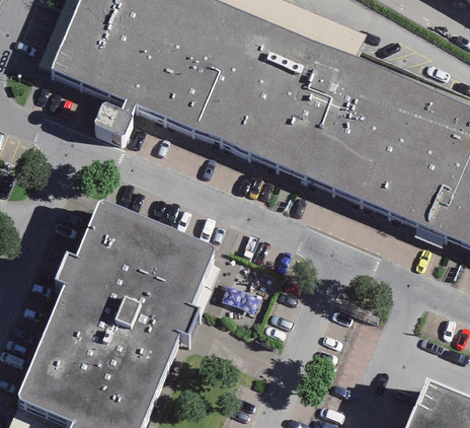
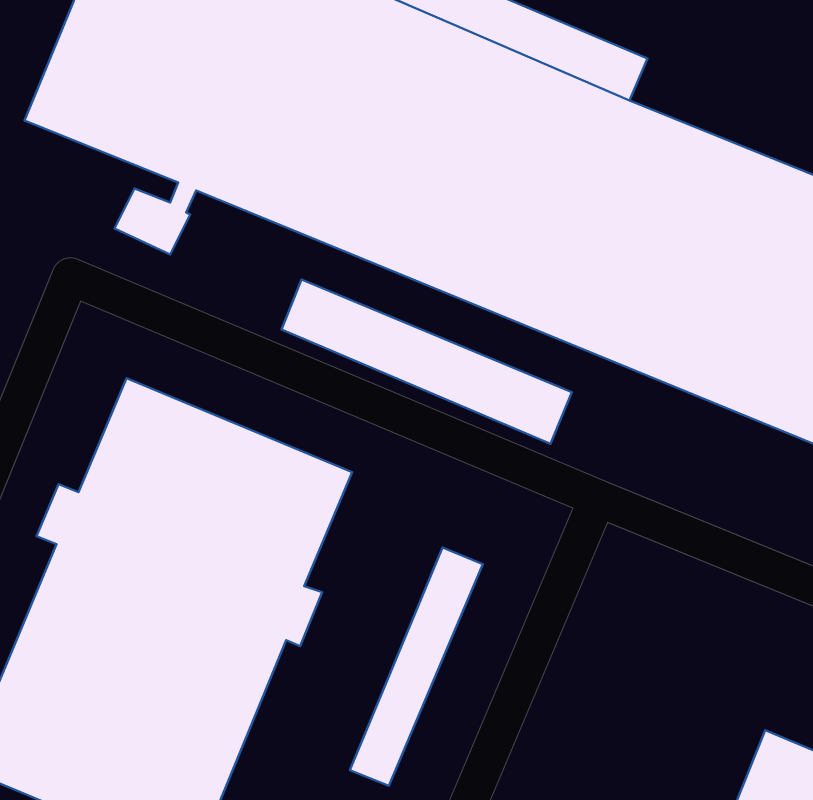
building: none -> [282,280,572,444]
building: none -> [350,547,483,786]

